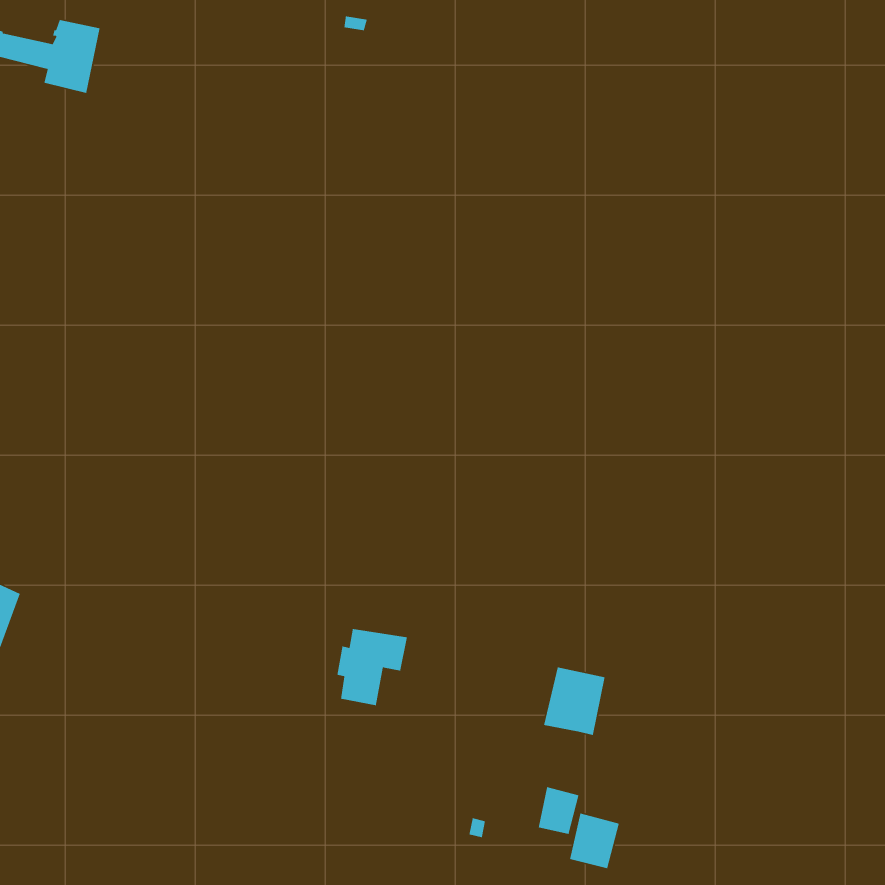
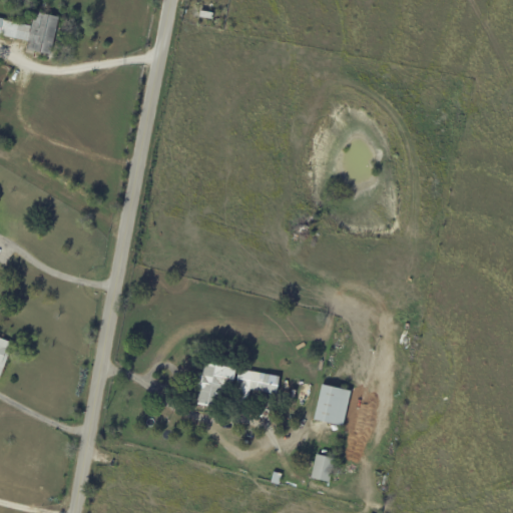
building: none -> [232,369,280,403]
building: [569,813,620,869] -> none

